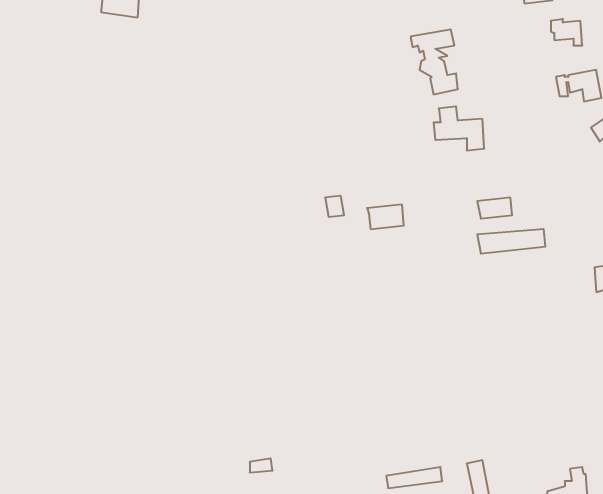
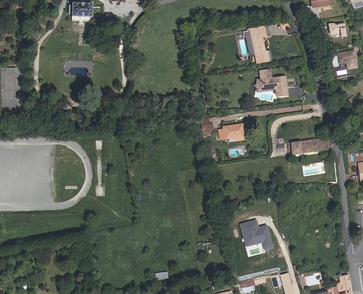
building: none -> [240,219,273,250]

